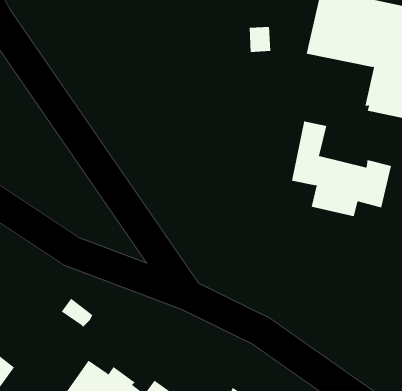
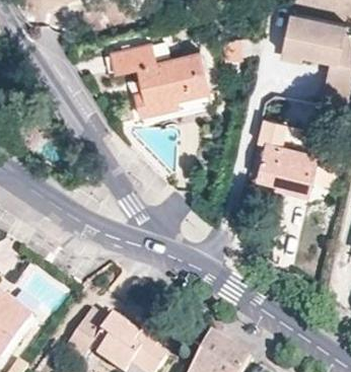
building: none -> [110,42,211,115]

